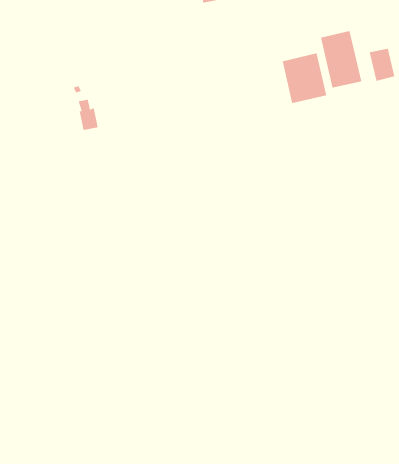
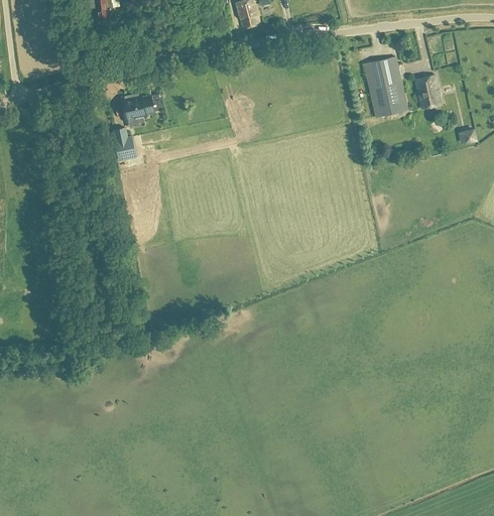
building: [282,53,327,104] -> none
building: none -> [122,93,155,121]

